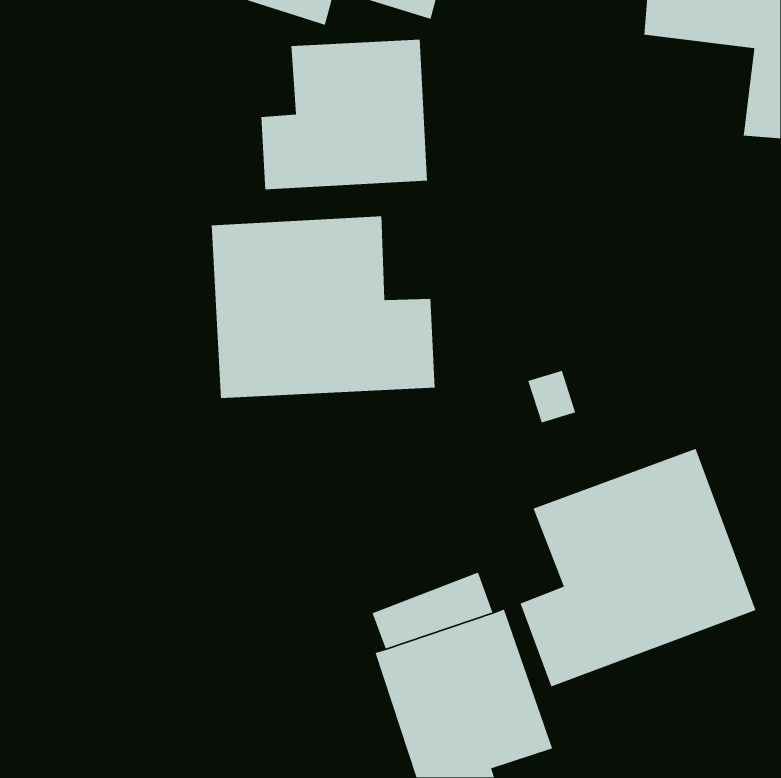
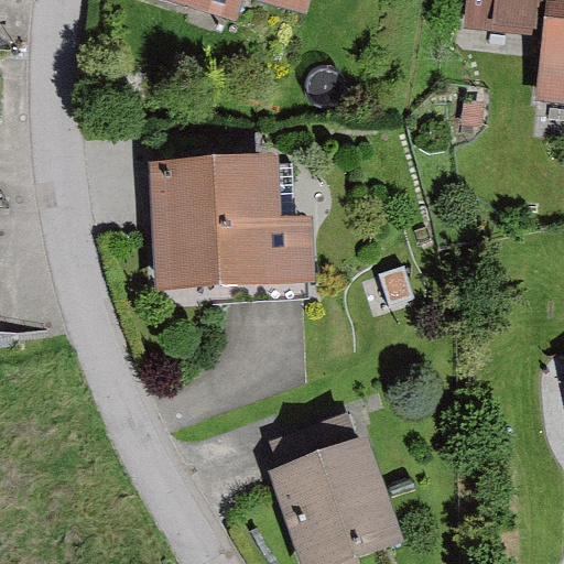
building: [261,39,428,190] -> none
building: [520,448,757,688] -> none

